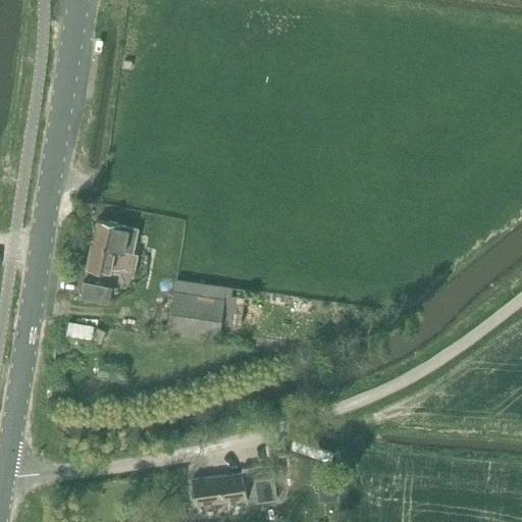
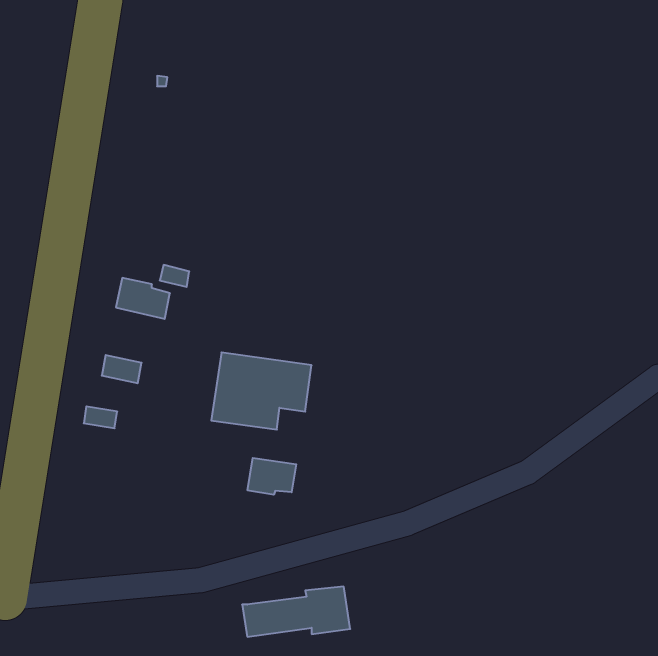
building: [87,245,139,277] -> none
building: none -> [248,458,296,495]

